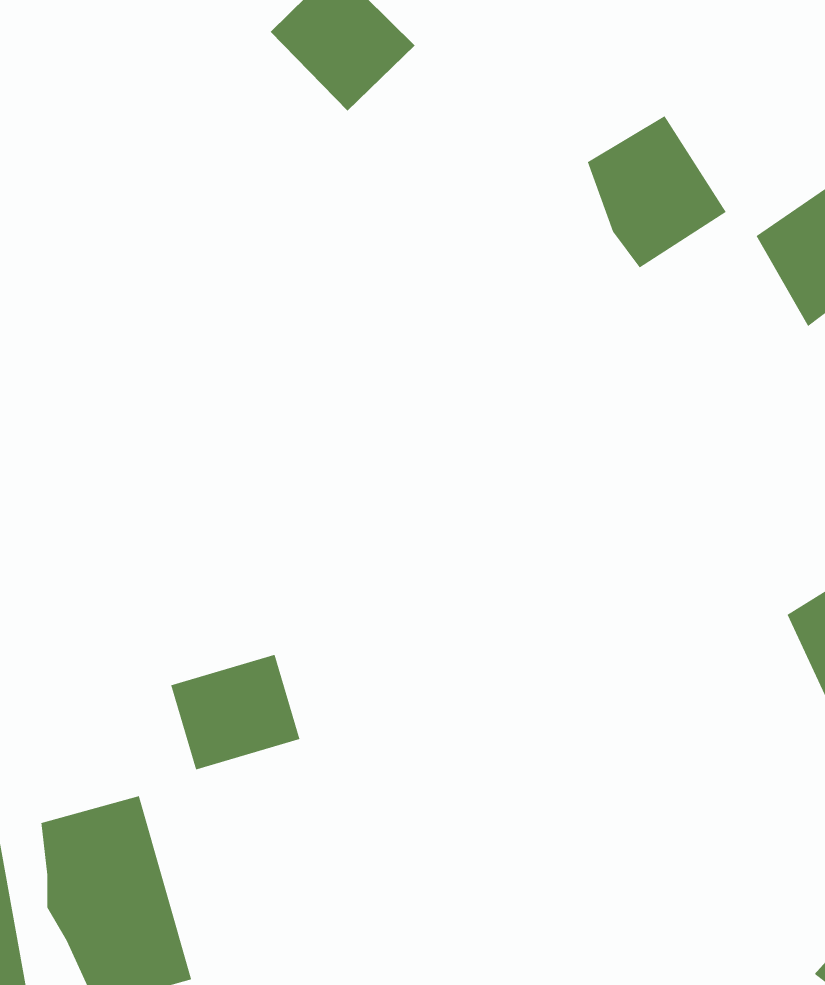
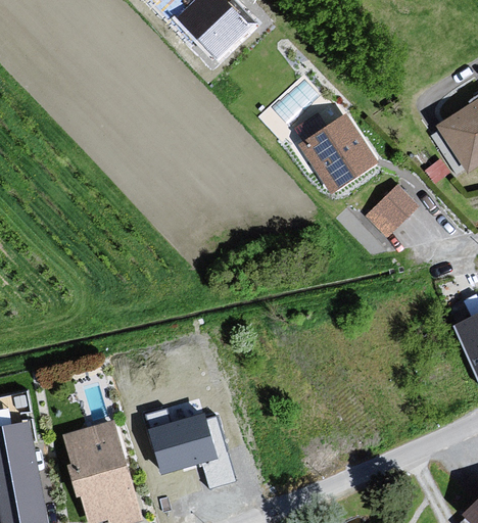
building: [587,115,727,269] -> [299,114,373,195]
building: none -> [373,187,415,230]
building: [170,654,300,770] -> [153,413,222,474]

